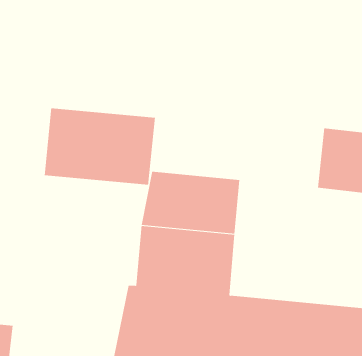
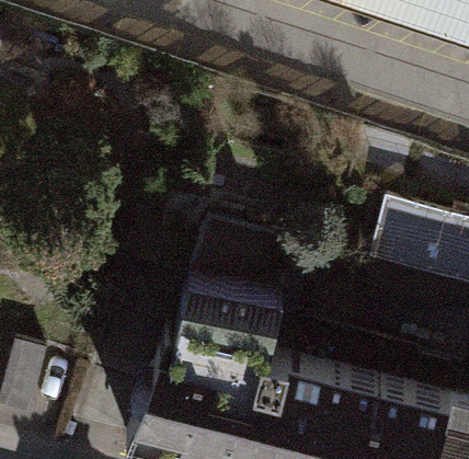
building: [44,107,155,186] -> none

